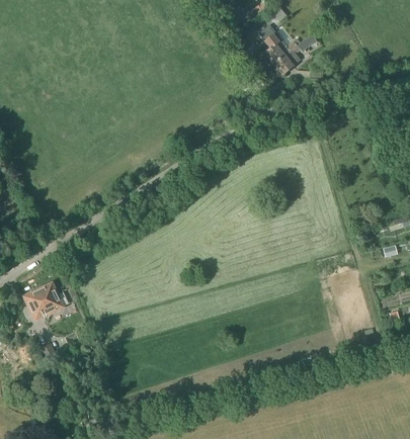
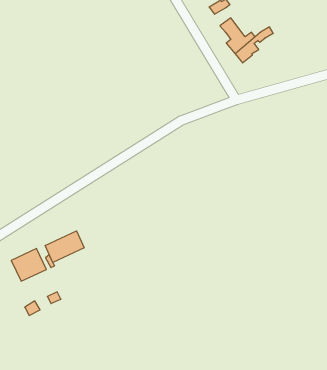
building: none -> [45,231,84,262]

